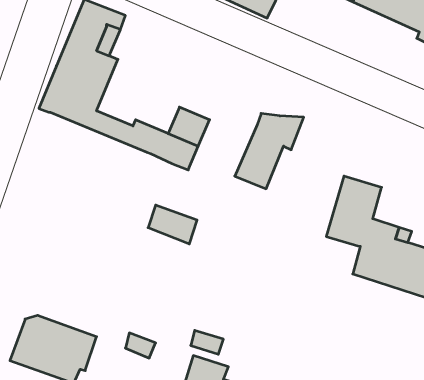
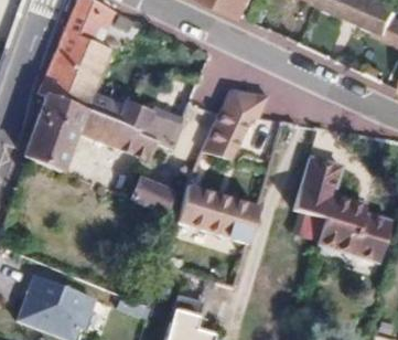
building: none -> [21,99,154,174]
building: none -> [181,188,261,241]

